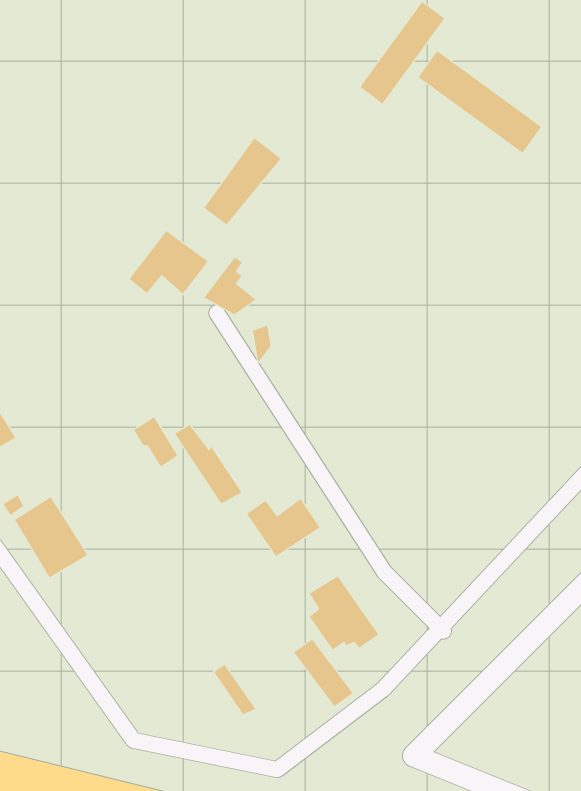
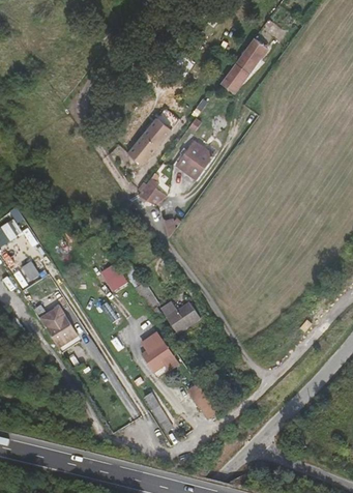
building: [418,50,542,154] -> none
building: none -> [175,143,212,181]
building: [129,230,208,295] -> none
building: [309,576,379,650] -> [140,329,177,369]

